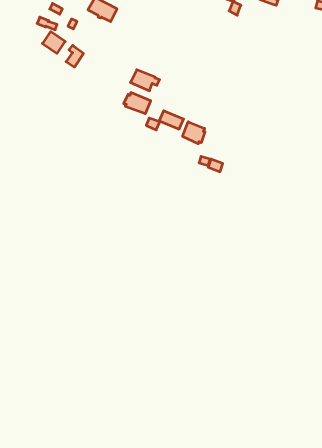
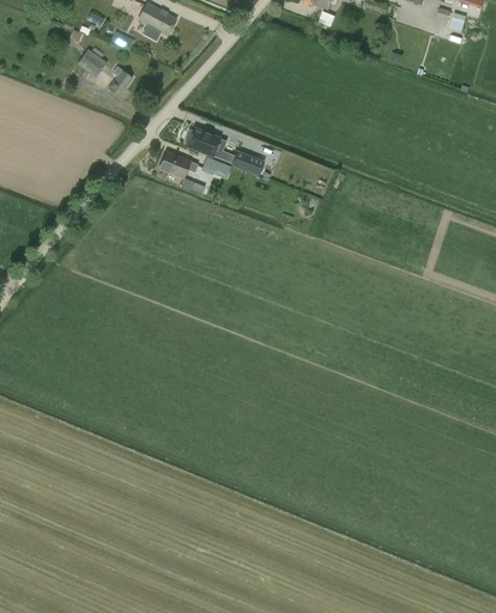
building: [130,70,160,91] -> [159,151,198,178]
building: [183,122,205,144] -> none

